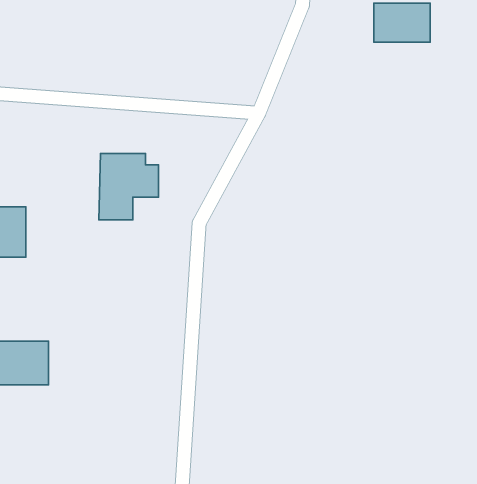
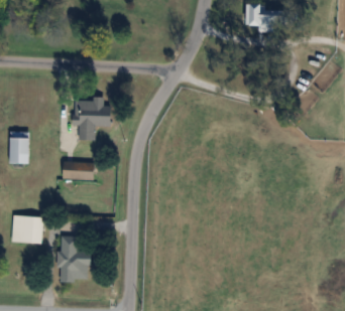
building: none -> [65,162,95,179]
building: none -> [60,236,91,281]

